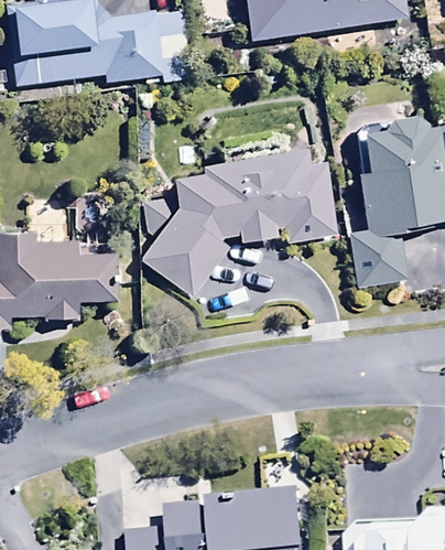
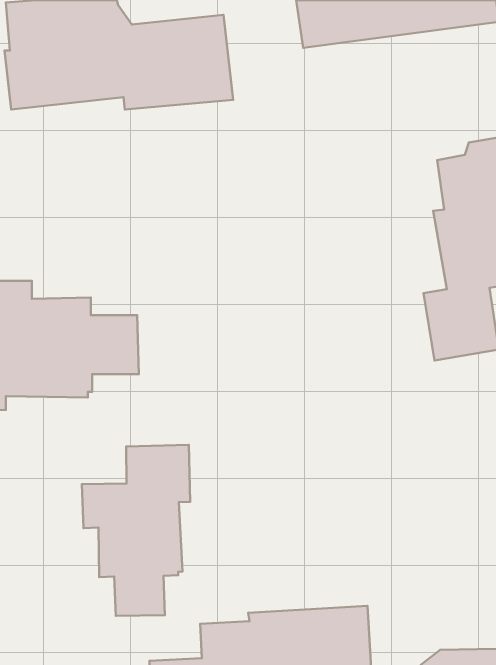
building: [139,143,339,299] -> none
building: none -> [82,445,190,616]

